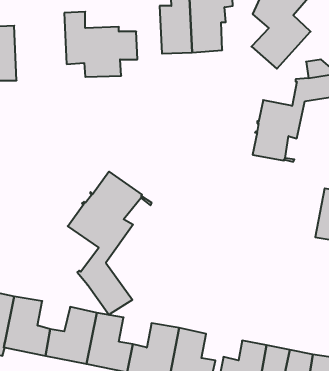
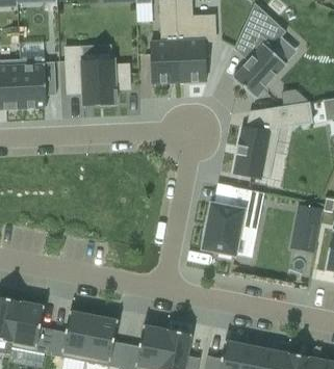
building: none -> [20,57,55,107]
building: none -> [201,185,263,258]
building: [68,172,151,315] -> none

